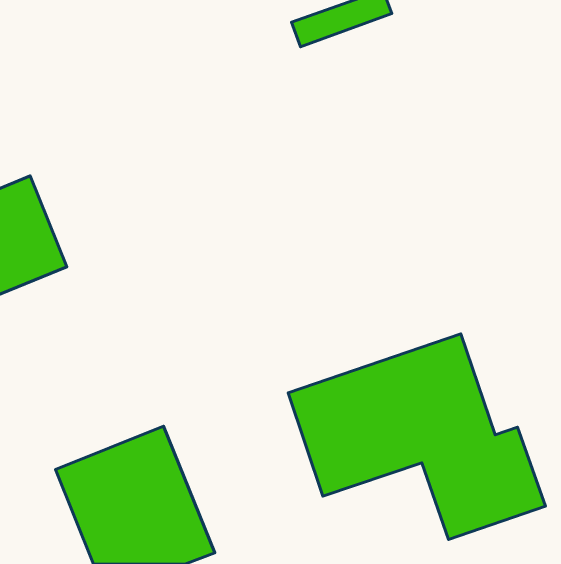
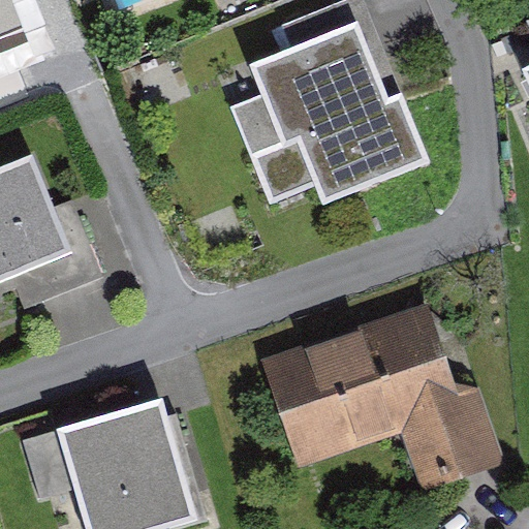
building: none -> [241,19,412,200]

